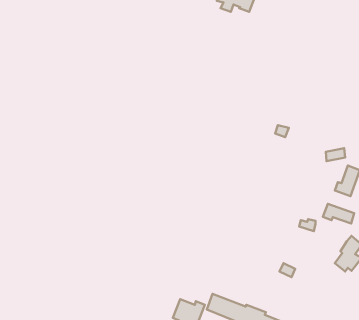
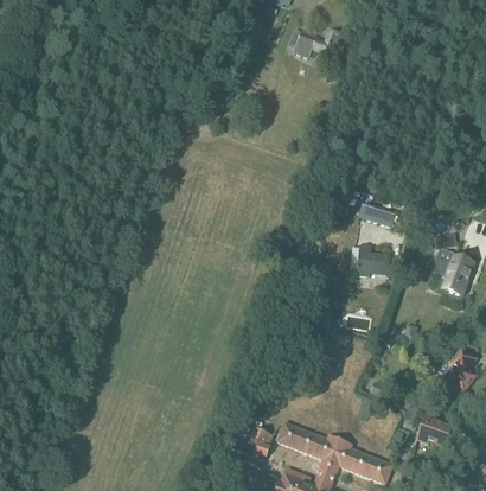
building: none -> [357,243,390,275]
building: [323,204,354,223] -> none
building: none -> [409,410,454,446]

